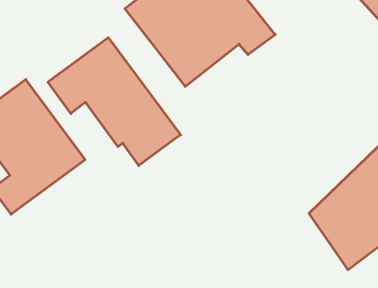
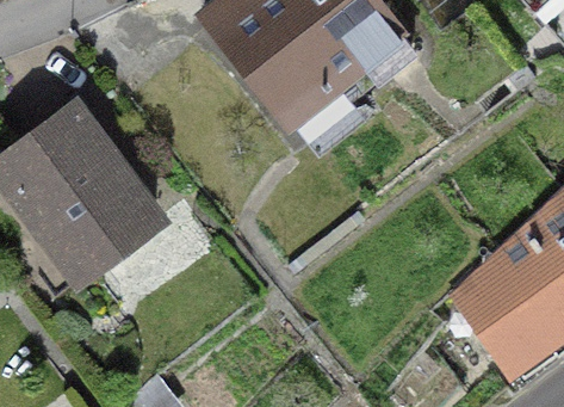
building: [48,38,181,166] -> none

